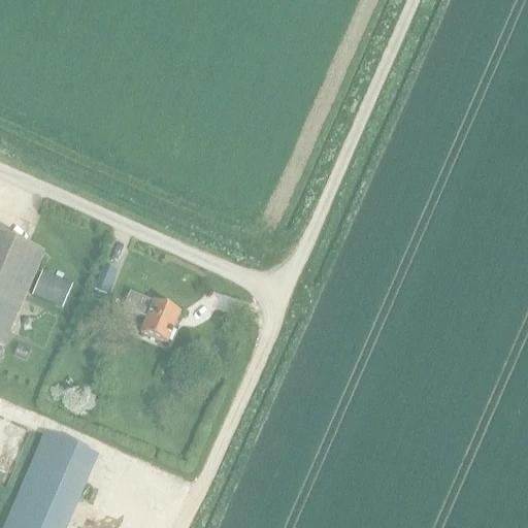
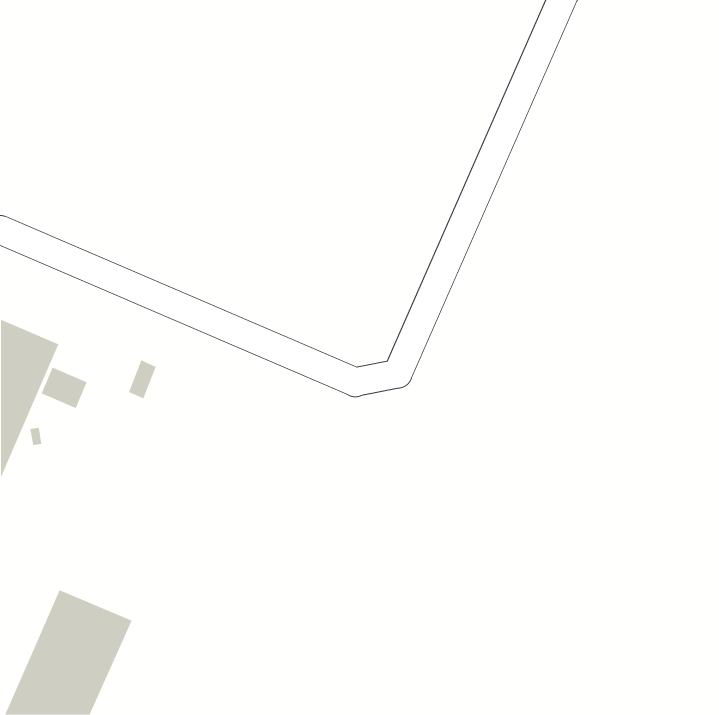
building: [124,292,180,341] -> none

